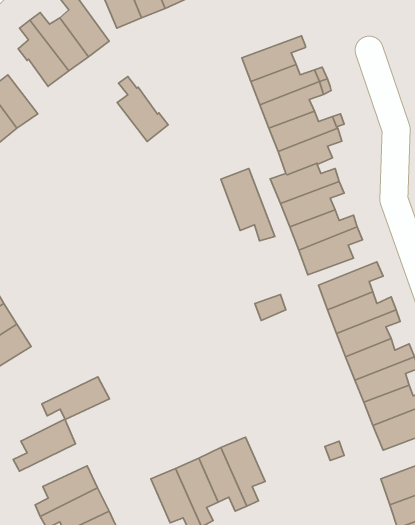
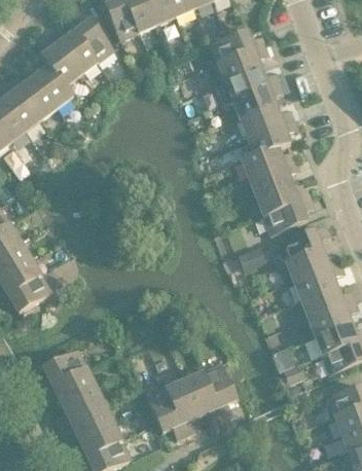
building: none -> [211,30,265,63]
building: [117,77,168,142] -> [33,56,73,107]
building: [221,168,275,241] -> none
building: [42,377,109,420] -> [42,368,96,402]

